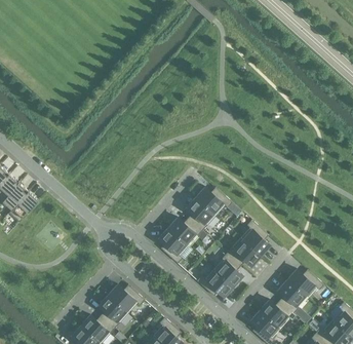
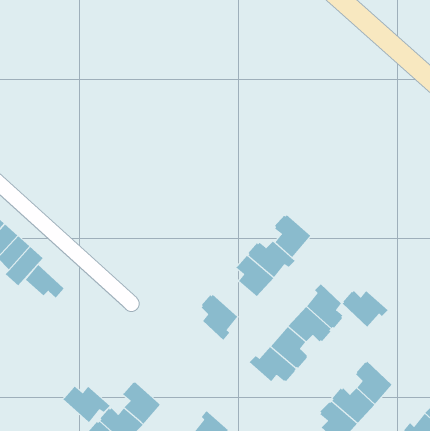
building: none -> [274,214,311,258]
building: none -> [25,264,64,298]
building: [167,220,201,247] -> none
building: [286,271,322,300] -> [342,290,389,328]
building: [107,286,144,315] -> [62,386,110,423]

